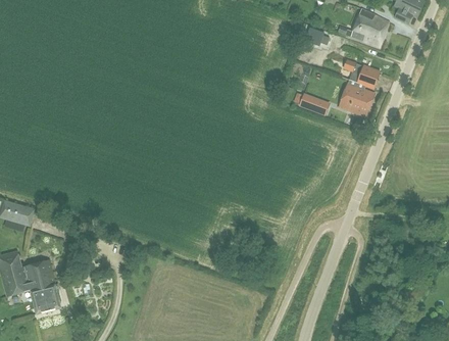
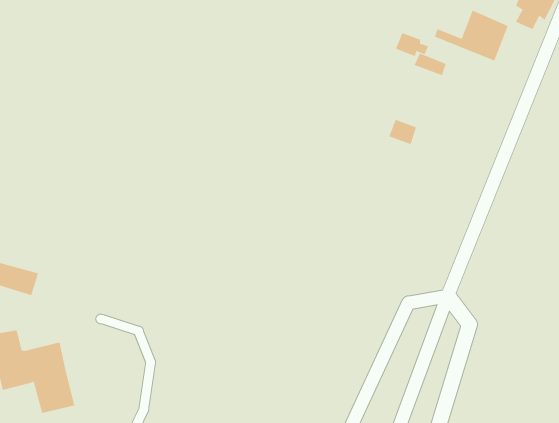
building: [339,58,379,115] -> none

